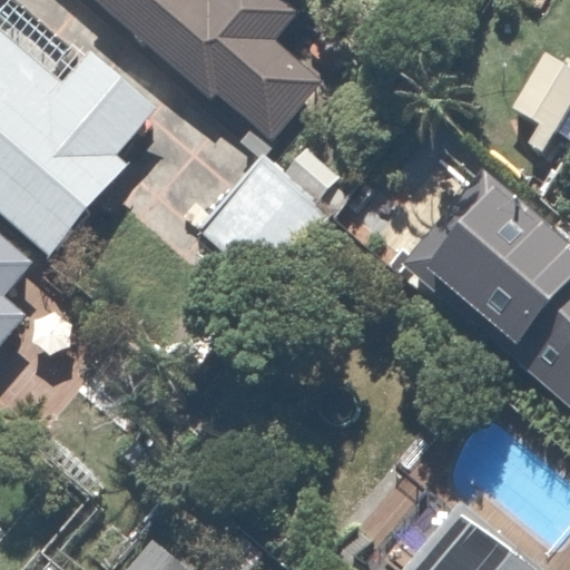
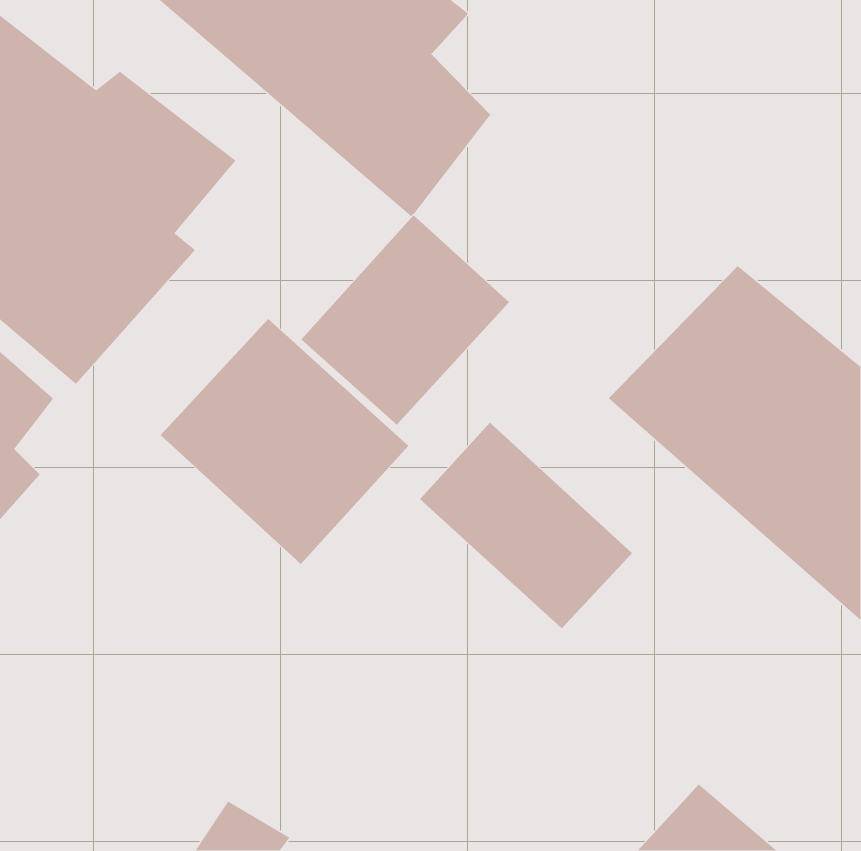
building: none -> [160,318,409,565]
building: none -> [419,422,633,629]

